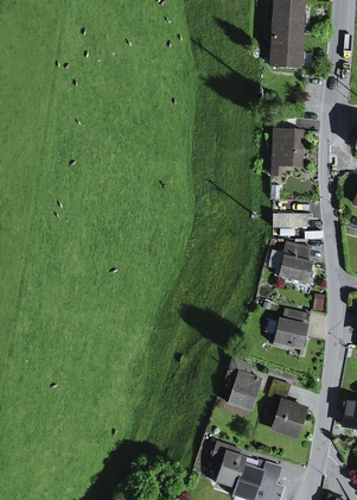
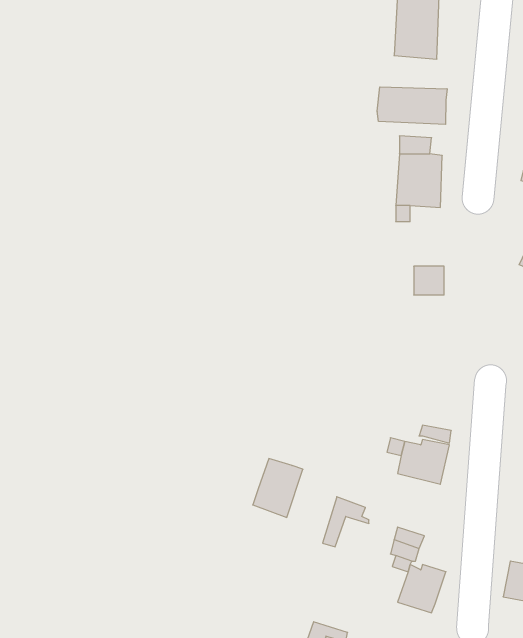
building: none -> [377,87,447,124]
building: [272,241,312,283] -> none
building: [228,371,261,410] -> [253,459,303,517]

